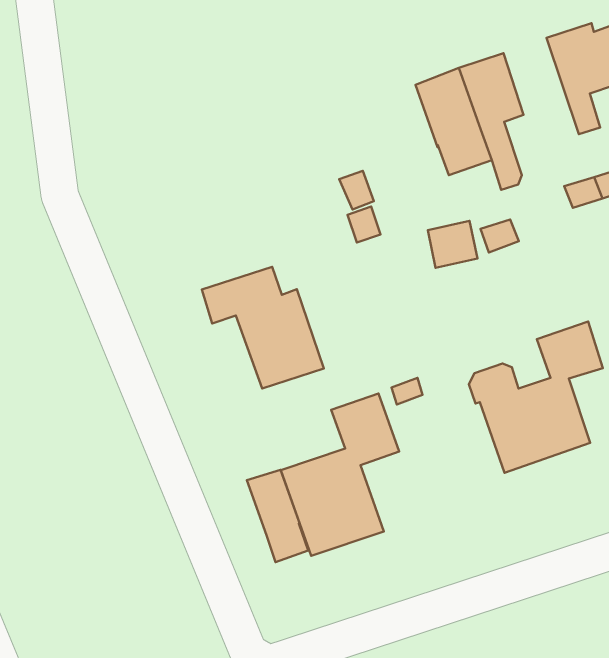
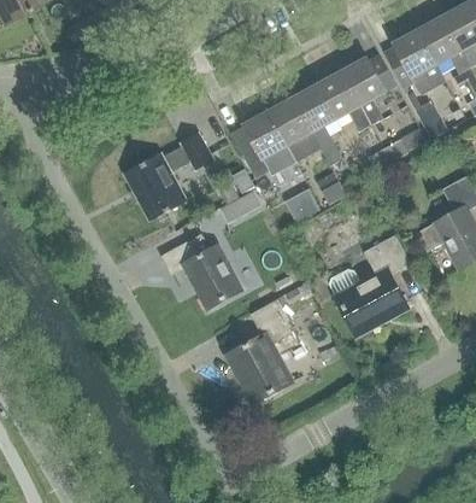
building: none -> [317,70,370,131]
building: none -> [242,111,296,177]
building: none -> [123,133,213,220]
building: [247,470,308,562] -> none

